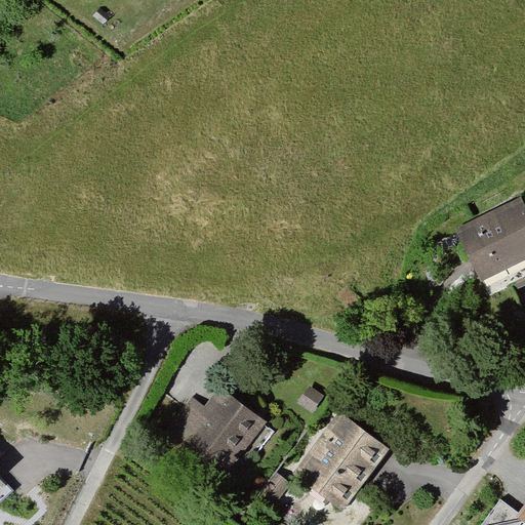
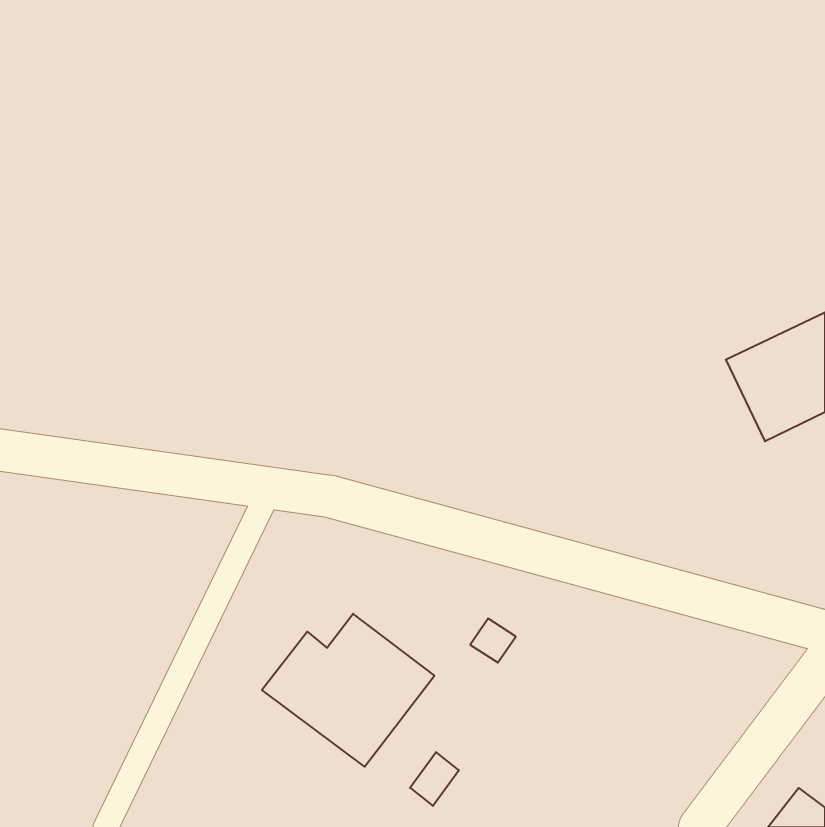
building: [293,413,392,516] -> none

